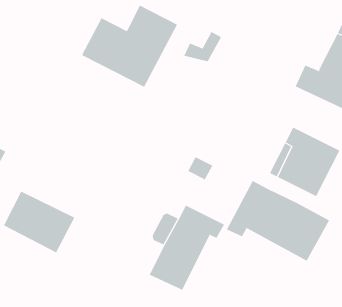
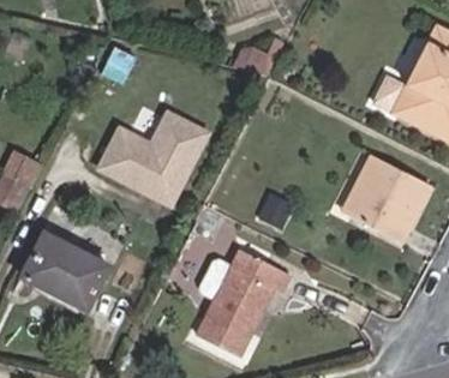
building: [81,5,178,88] -> [94,107,211,208]
building: [226,180,330,261] -> none

